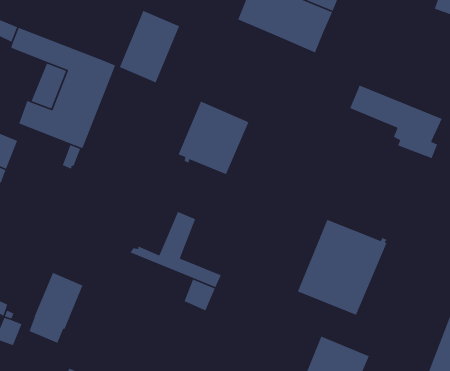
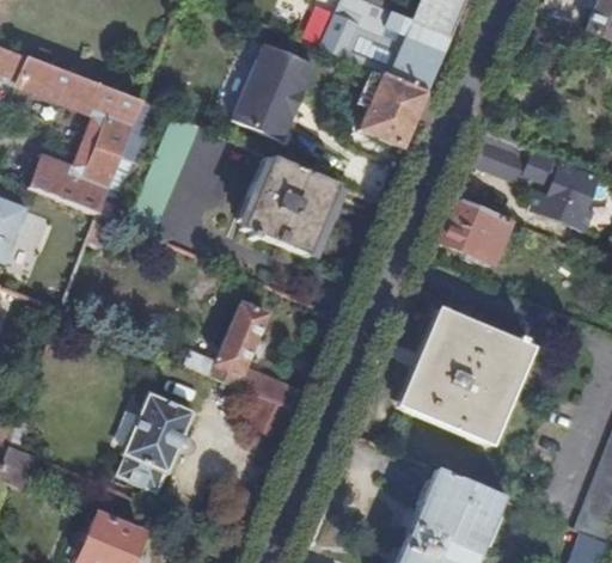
building: [119,10,180,84] -> [233,41,316,140]
building: none -> [360,72,428,147]
building: none -> [441,201,510,264]
building: [28,272,84,344] -> [117,392,191,489]

